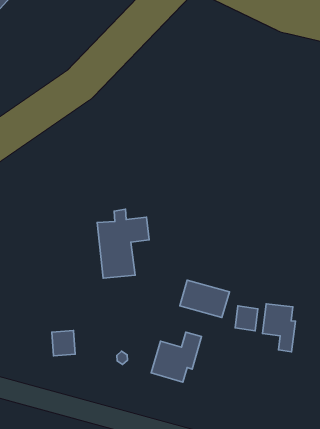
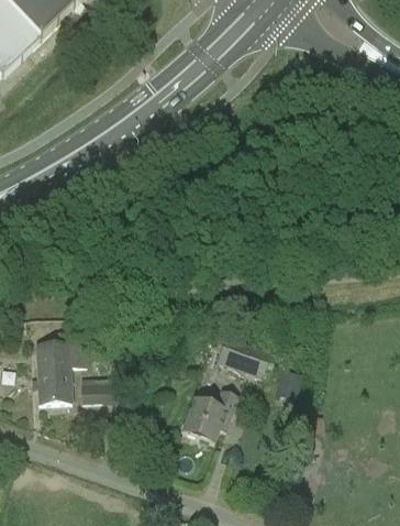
building: [97,209,149,278] -> [36,330,90,402]
building: [263,304,296,352] -> none

